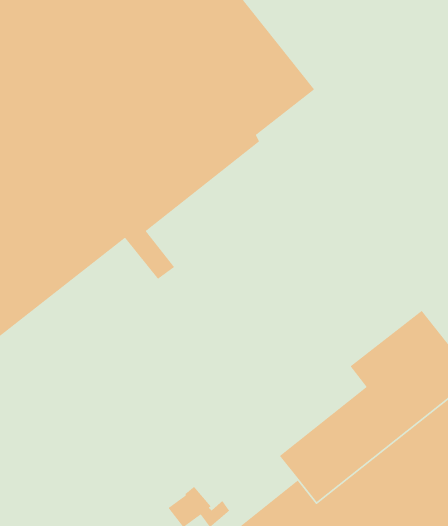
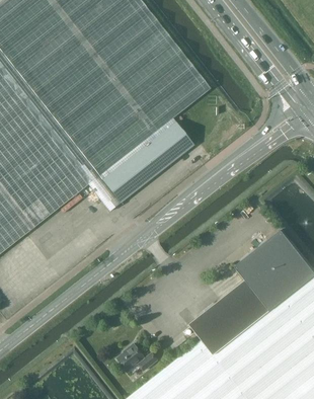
building: none -> [102,123,193,204]

